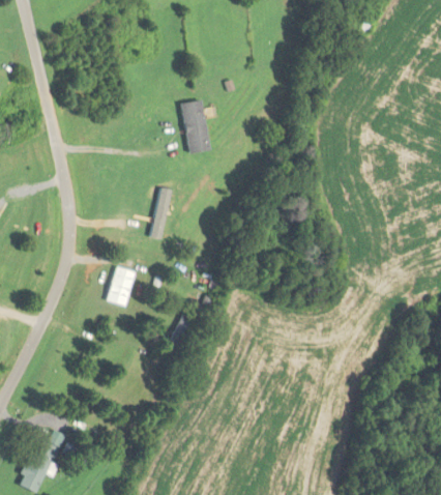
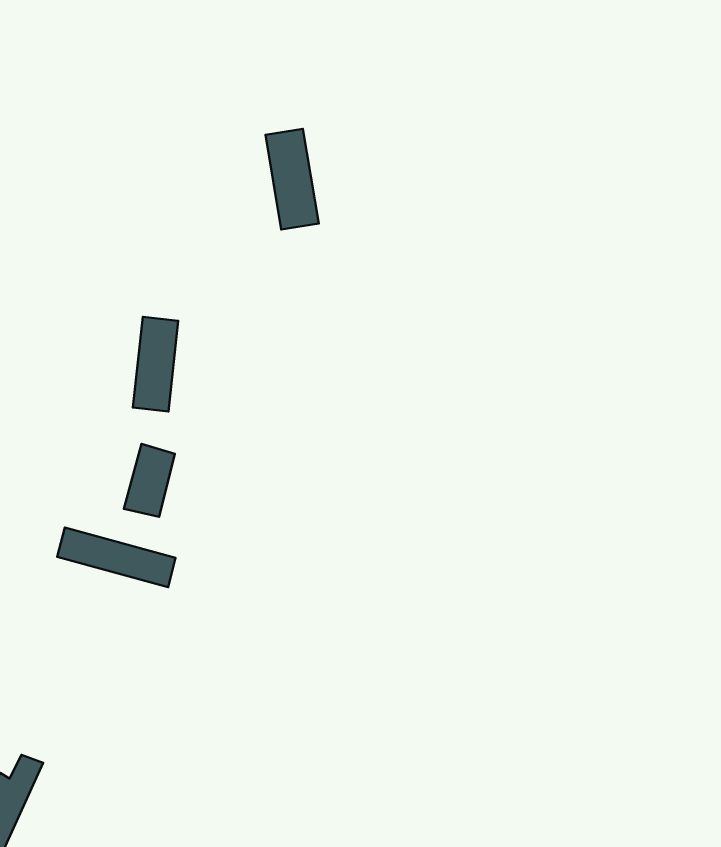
building: [150,190,174,239] -> [133,317,178,411]
building: none -> [57,527,176,587]

